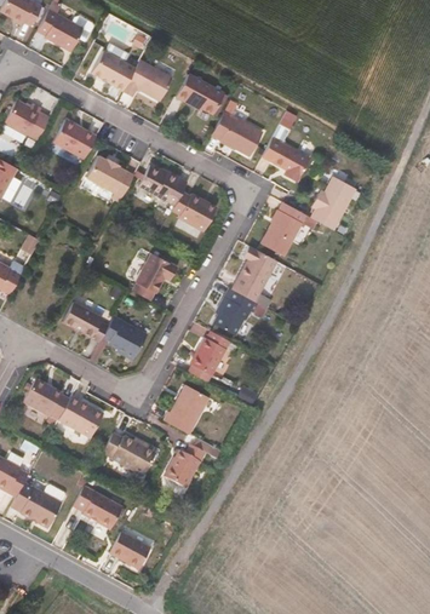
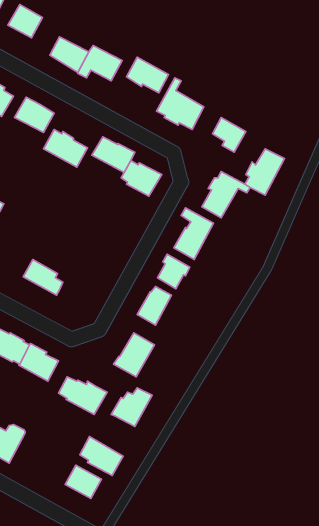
building: [132,251,177,298] -> none
building: [103,315,145,358] -> none
building: [73,484,121,528] -> [80,437,123,475]

